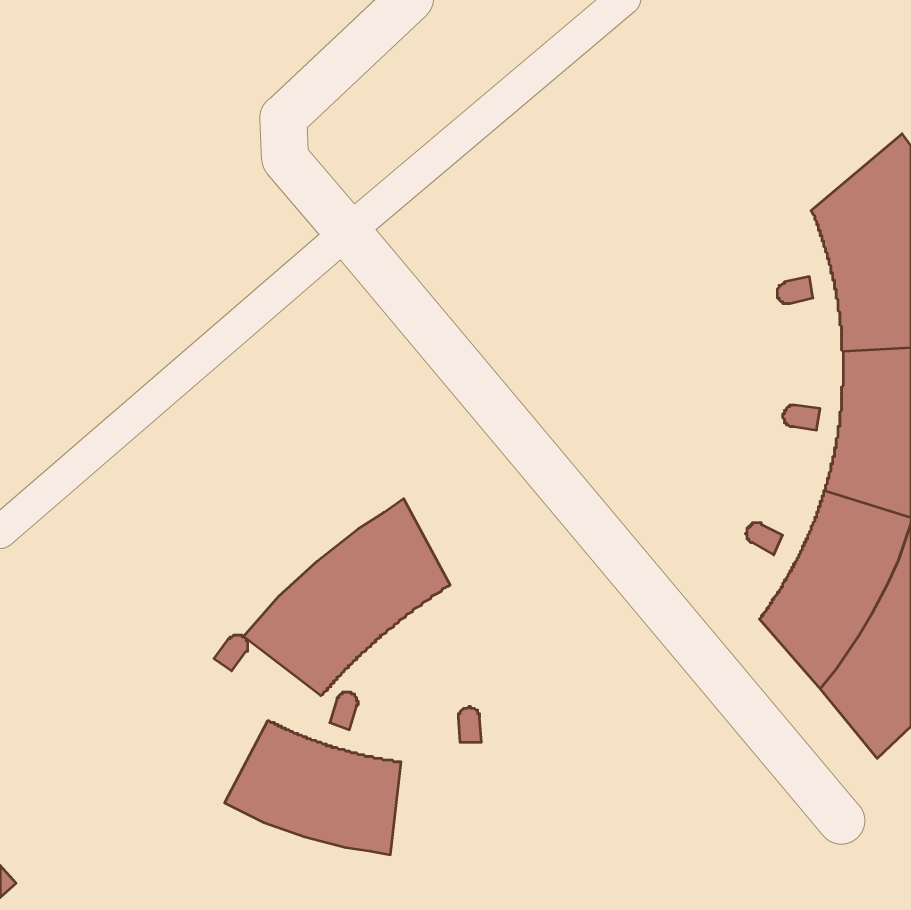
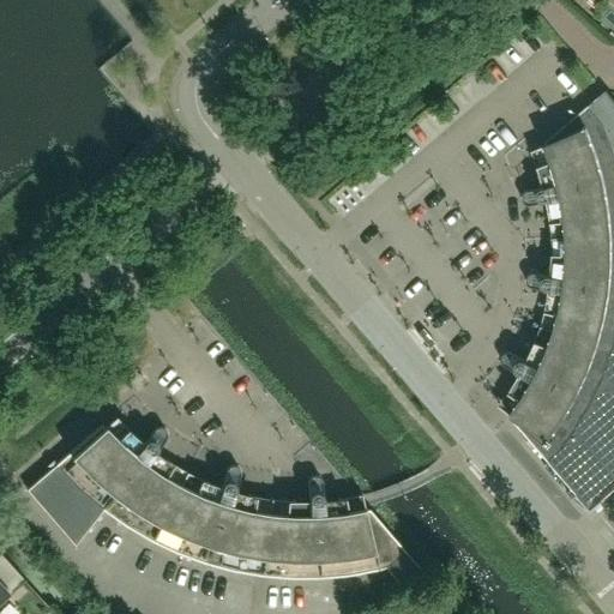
building: [243,499,450,696] -> none
building: none -> [26,423,180,544]
building: none -> [263,508,423,588]

